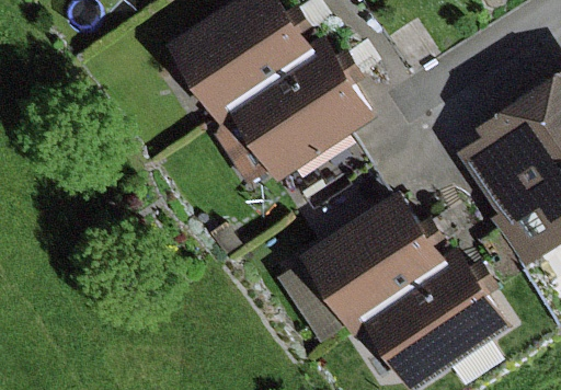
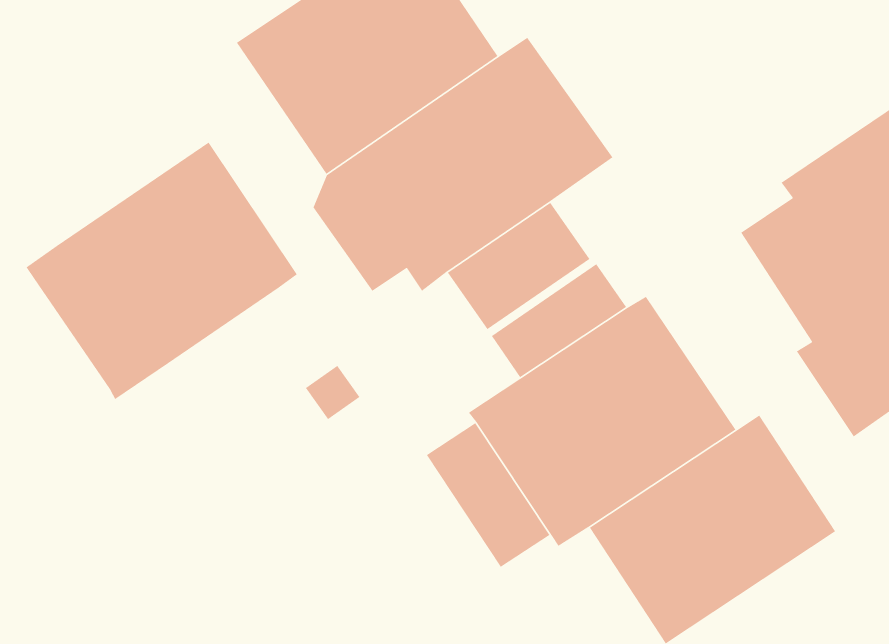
building: none -> [26,142,298,400]

